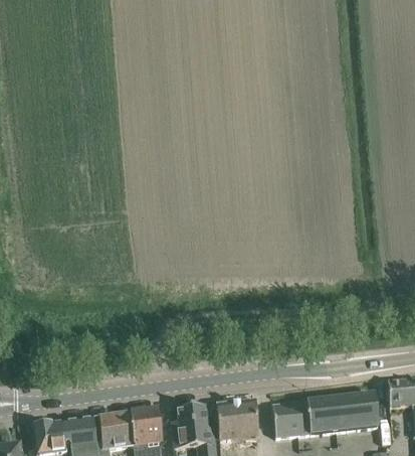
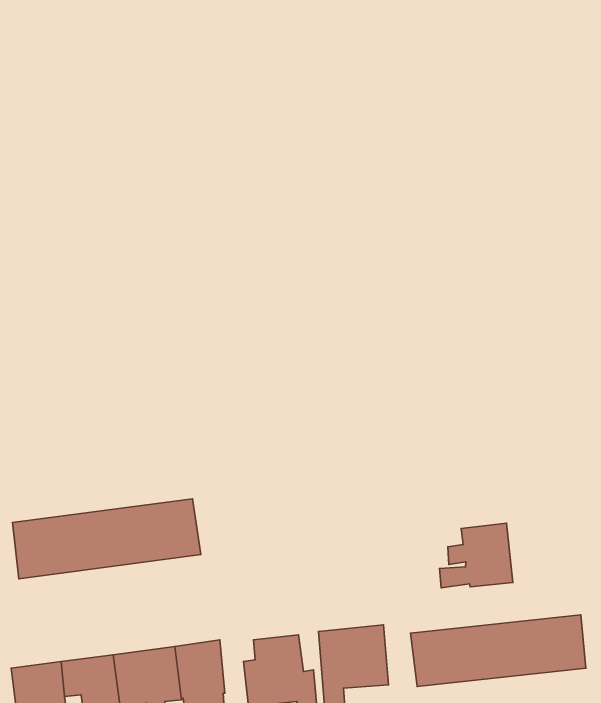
building: none -> [12,499,201,579]
building: none -> [440,523,513,588]

